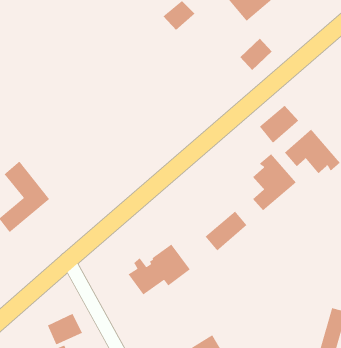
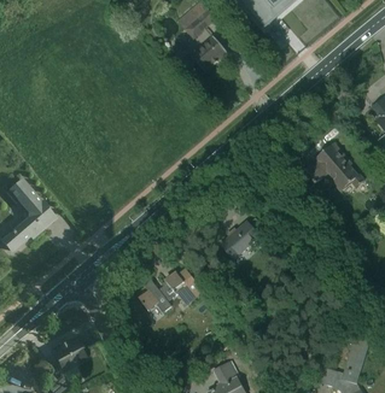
building: [240,38,272,71] -> [192,36,227,71]
building: [259,105,299,144] -> none
building: [252,153,297,211] -> none

